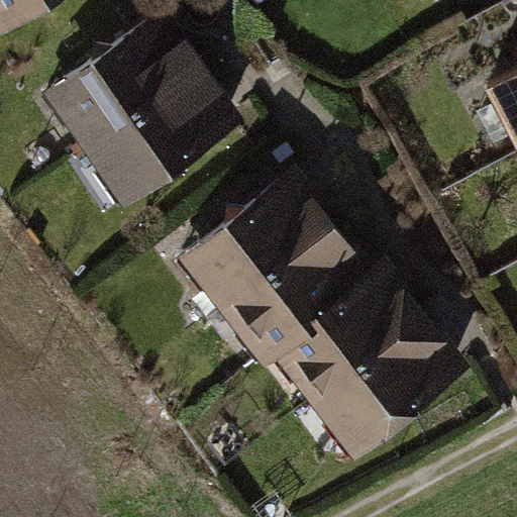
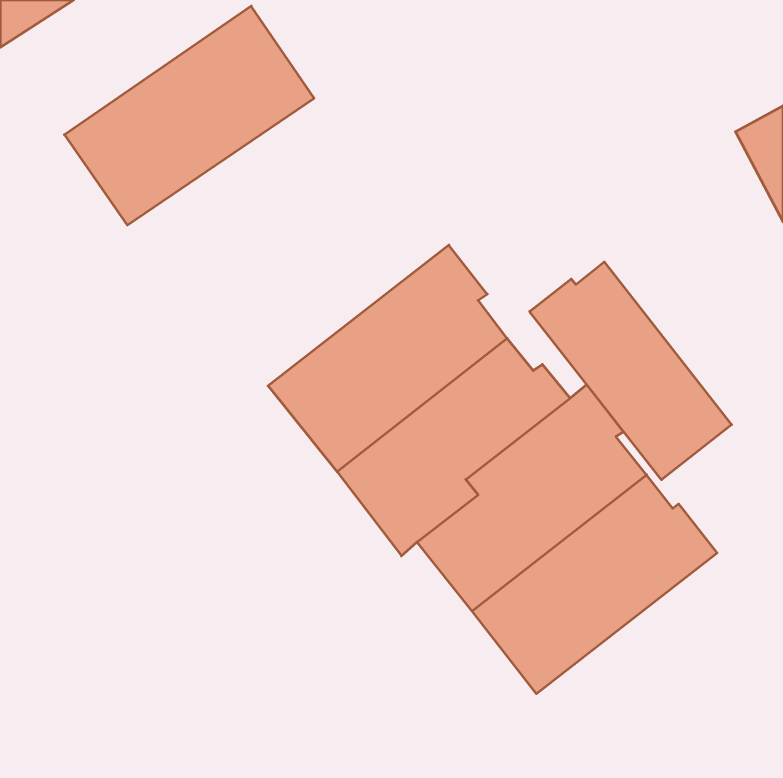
building: [84,68,245,208] -> none
building: none -> [530,262,732,480]

